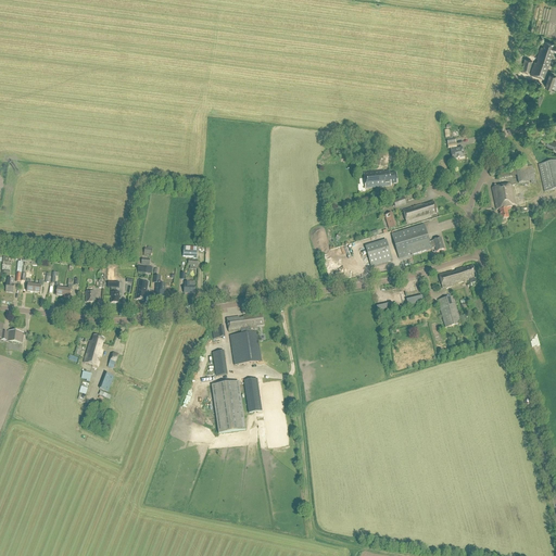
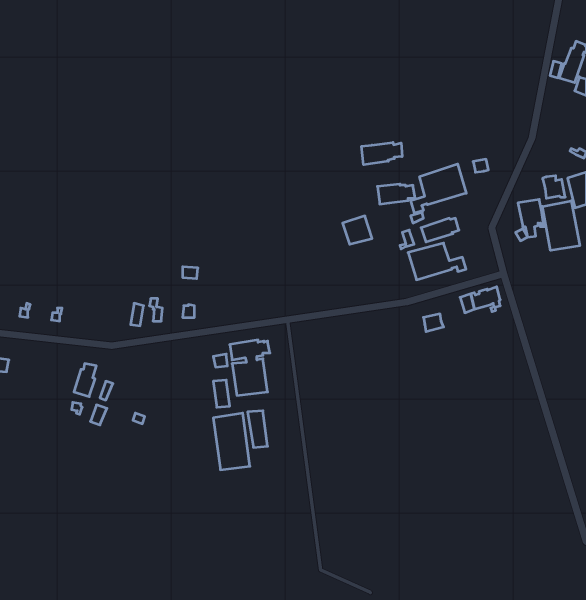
building: none -> [362,142,402,165]
building: none -> [411,164,466,213]
building: none -> [542,201,580,250]
building: [365,239,392,265] -> [343,216,372,244]
building: [438,295,460,326] -> none

